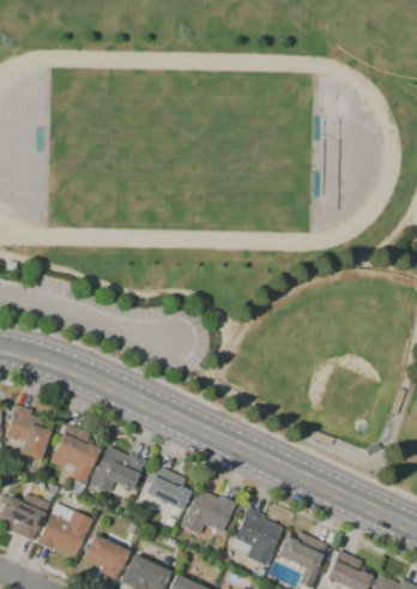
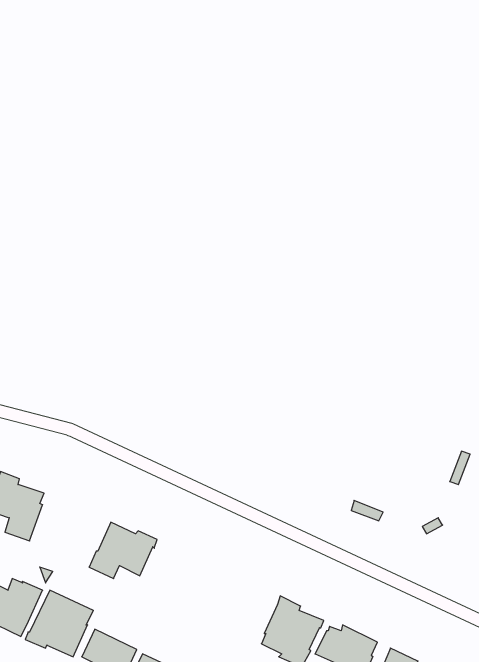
building: [50,423,103,485] -> none
building: [145,465,192,511] -> none
building: [180,489,237,536] -> none

